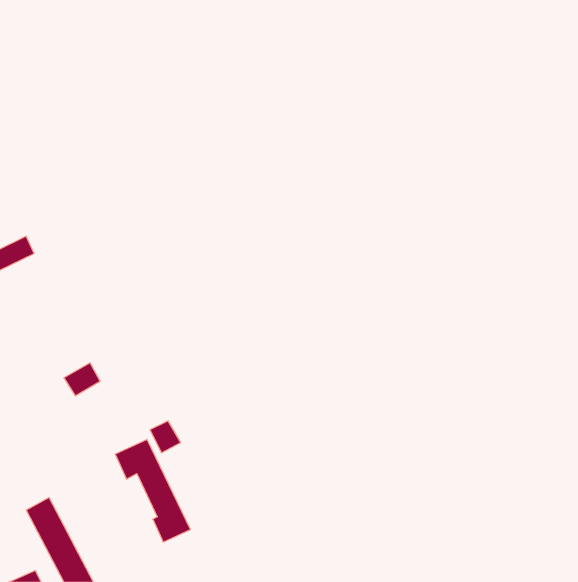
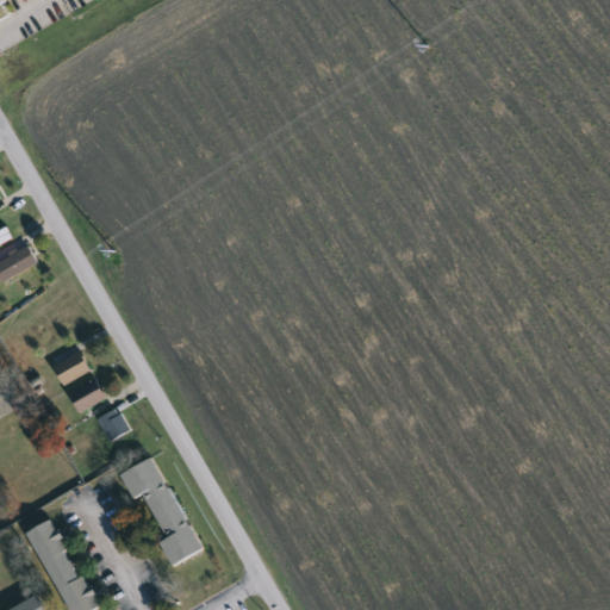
building: none -> [51,351,89,386]
building: [150,421,181,453] -> [97,409,129,442]

